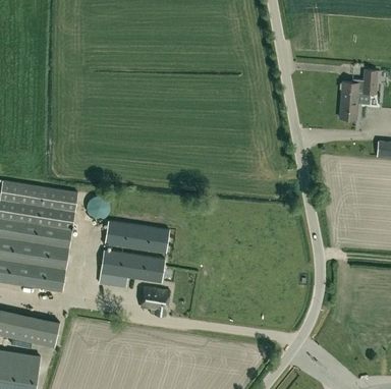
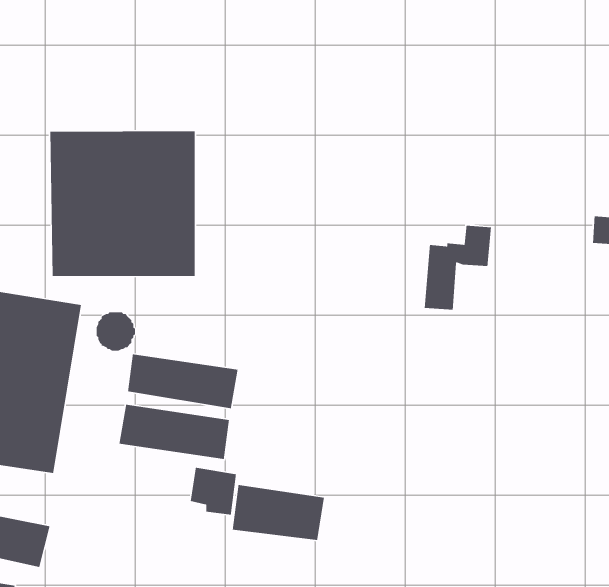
building: [339,69,379,119] -> [424,225,492,310]
building: none -> [50,131,195,277]
building: none -> [232,484,325,541]

